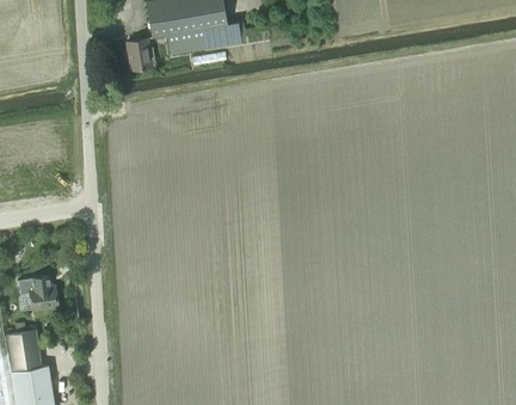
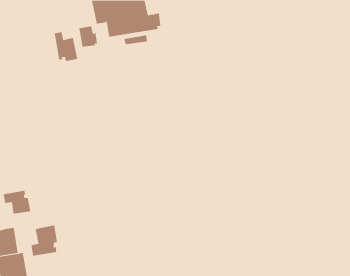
building: none -> [54,32,78,62]
building: none -> [31,224,58,256]

